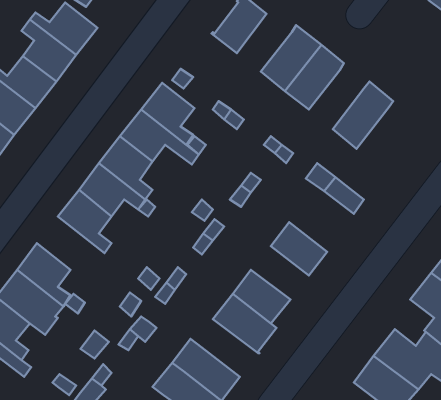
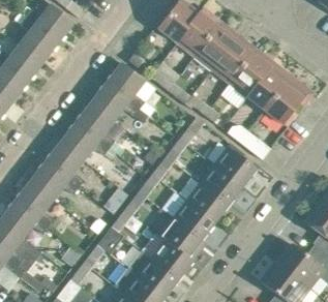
building: none -> [177,6,220,54]
building: none -> [230,48,274,96]
building: none -> [265,75,314,125]
building: none -> [215,147,257,186]
building: none -> [30,160,80,200]
building: none -> [187,182,230,221]
building: none -> [151,236,192,278]

